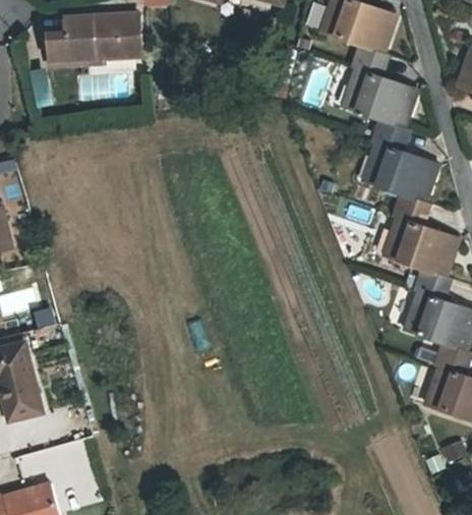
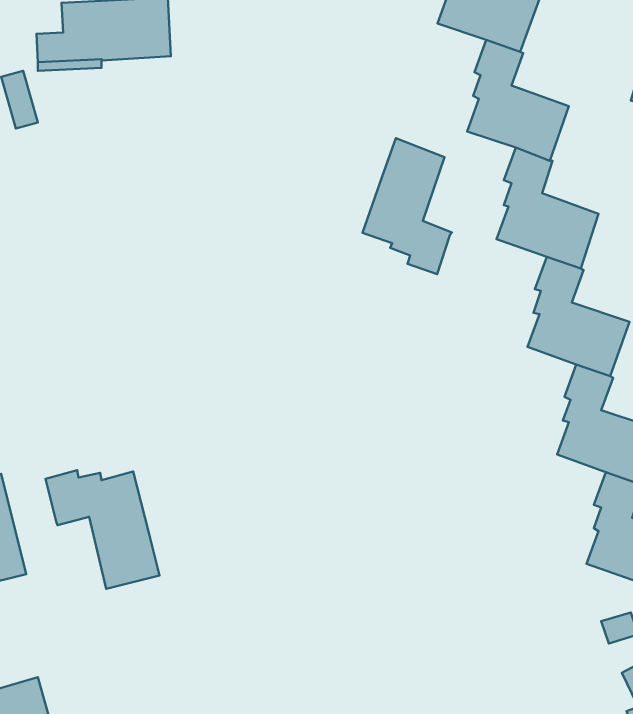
building: none -> [362,138,452,274]
building: none -> [45,470,159,589]

